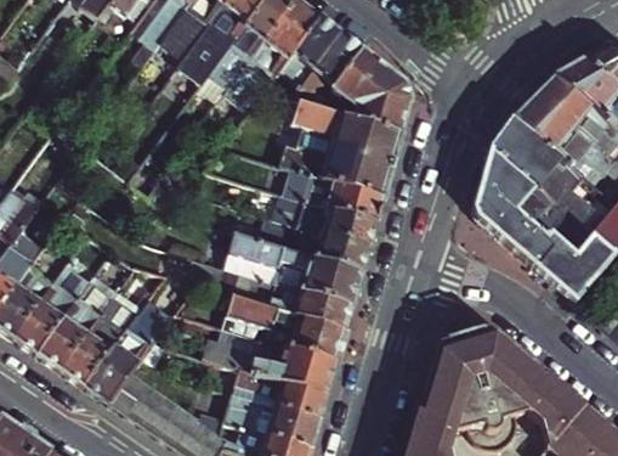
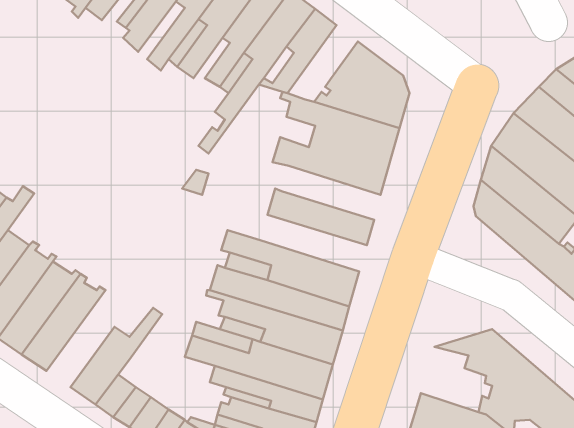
building: [294,30,362,102] -> none
building: [288,167,384,219] -> none
building: [267,212,370,269] -> none
building: [61,287,141,381] -> none
building: [423,342,492,405] -> none

